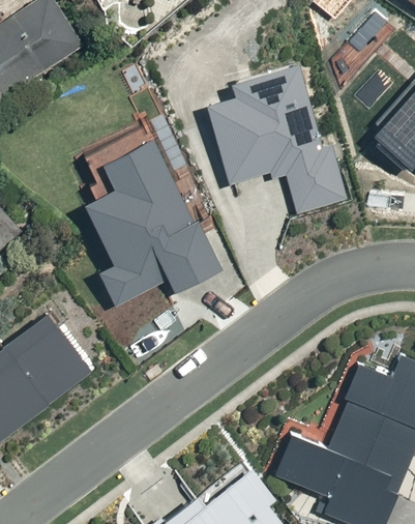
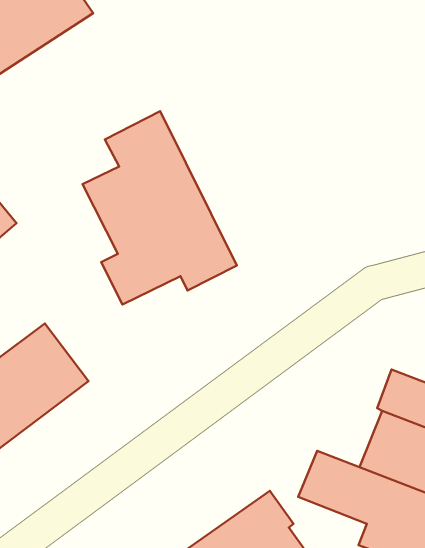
building: [205,63,346,214] -> none

